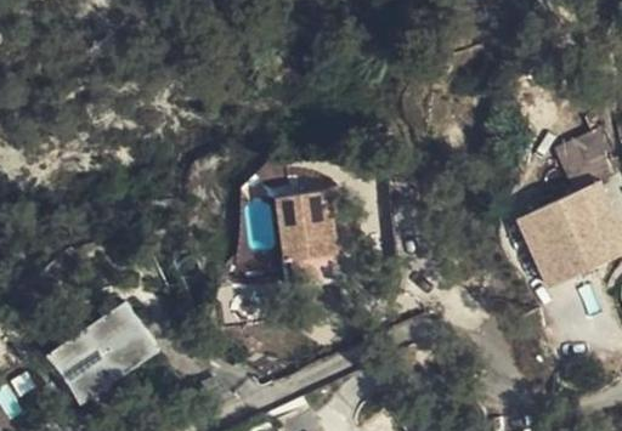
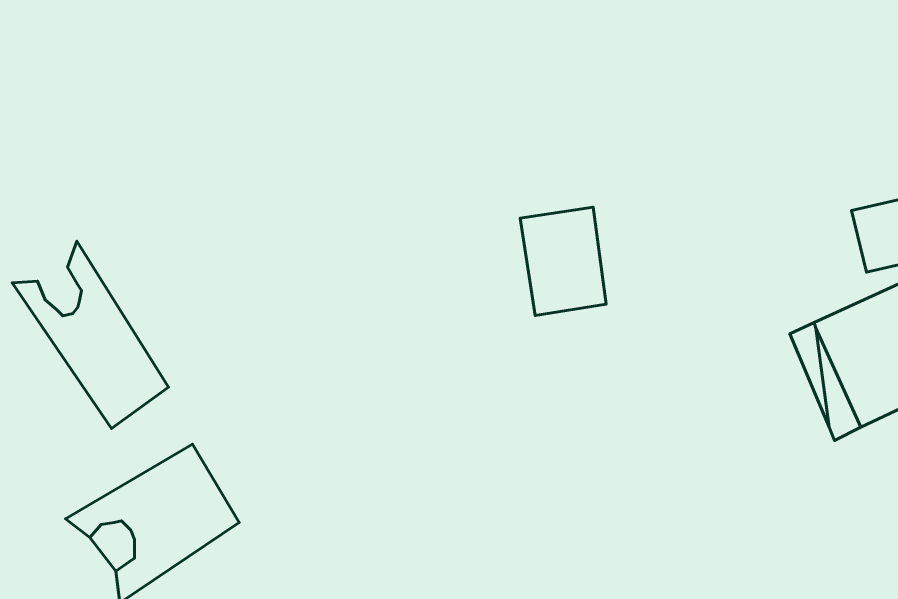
building: none -> [12,241,168,429]
building: [273,185,329,255] -> [520,207,606,315]

